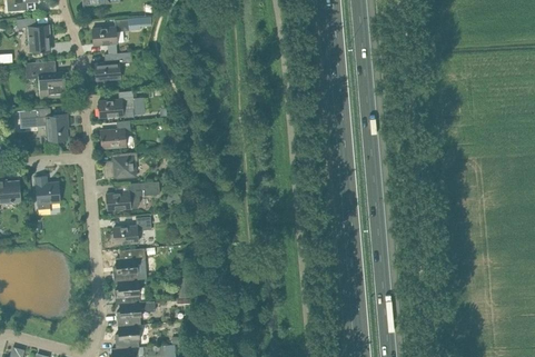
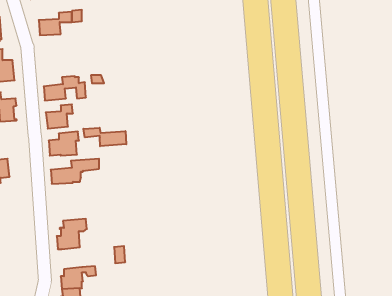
building: [95,53,131,81] -> none
building: none -> [83,128,126,146]
building: [113,218,151,245] -> none
building: [115,280,140,305] -> none

